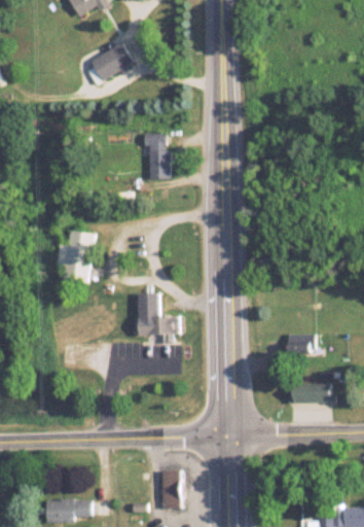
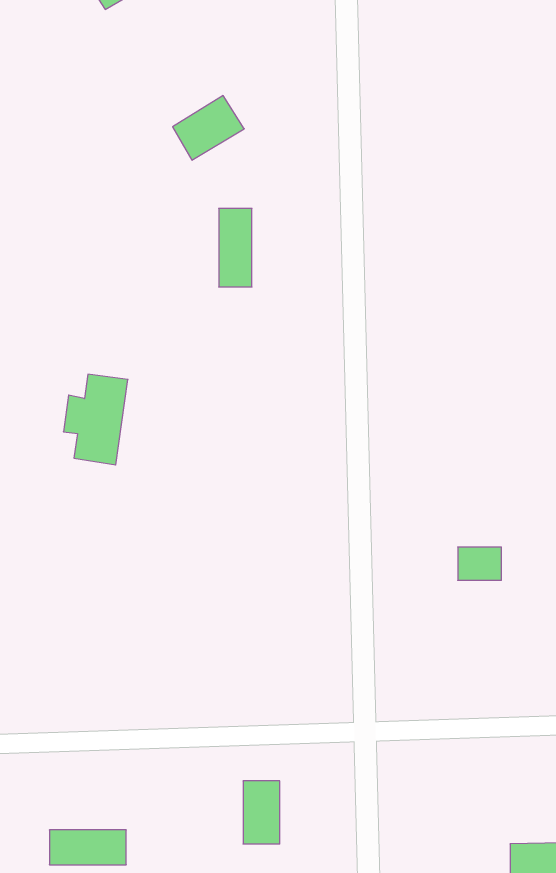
building: [92,42,134,80] -> [173,96,244,160]
building: [133,293,178,336] -> none
building: [286,384,333,401] -> none

